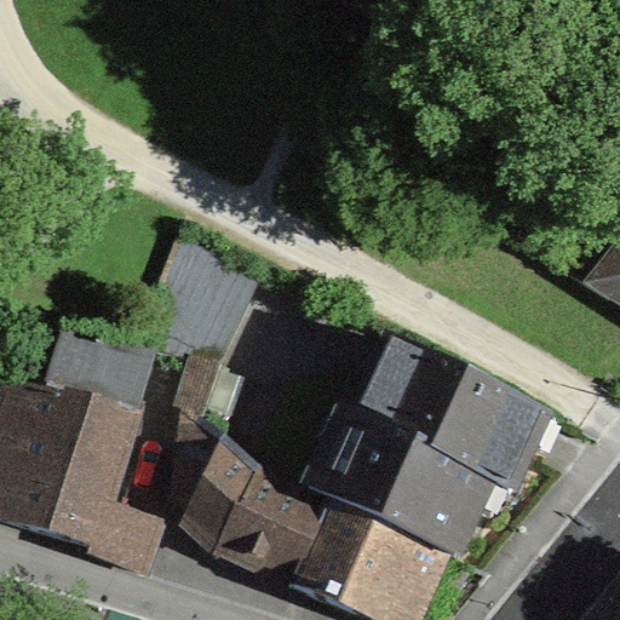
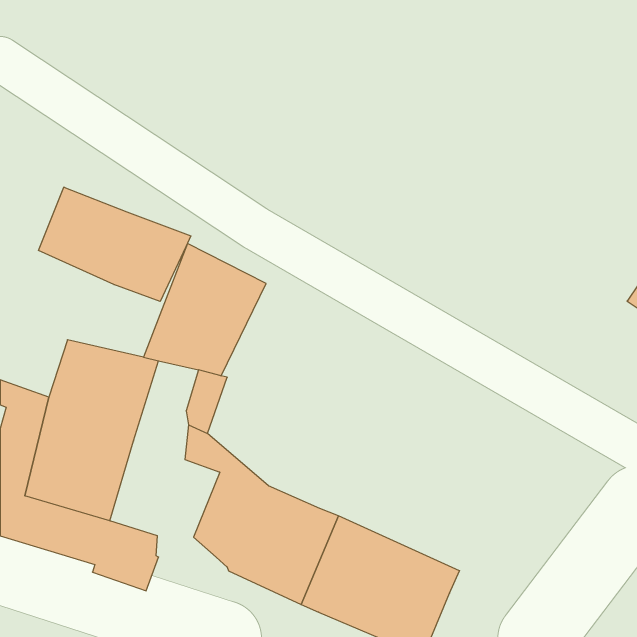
building: none -> [39,187,191,301]
building: [311,349,551,558] -> none

